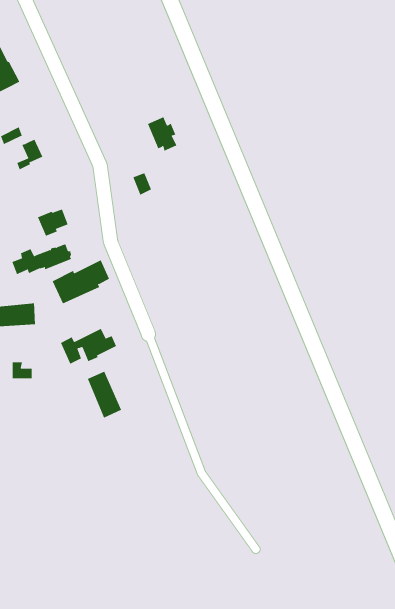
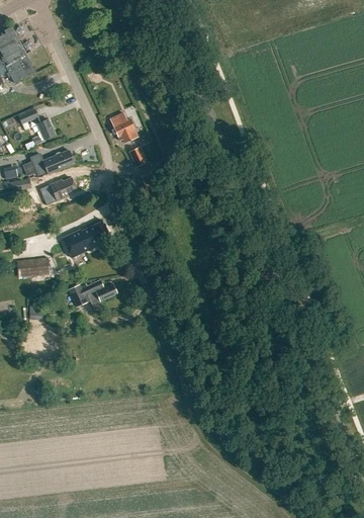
building: [147,117,177,152] -> [110,112,135,142]
building: [12,244,72,275] -> [24,150,75,176]
building: [87,371,122,418] -> none

